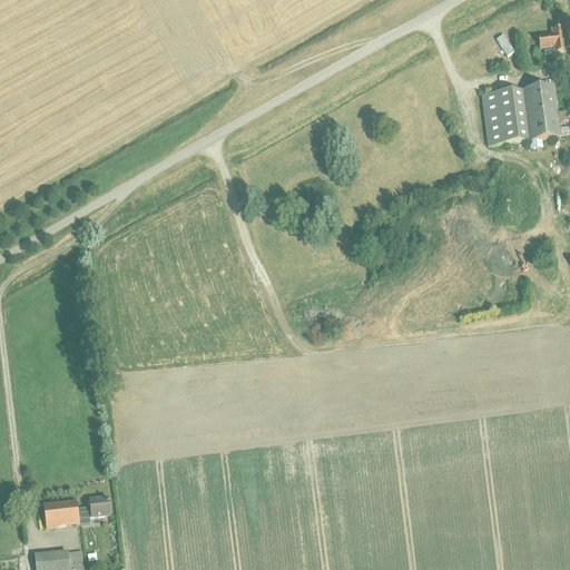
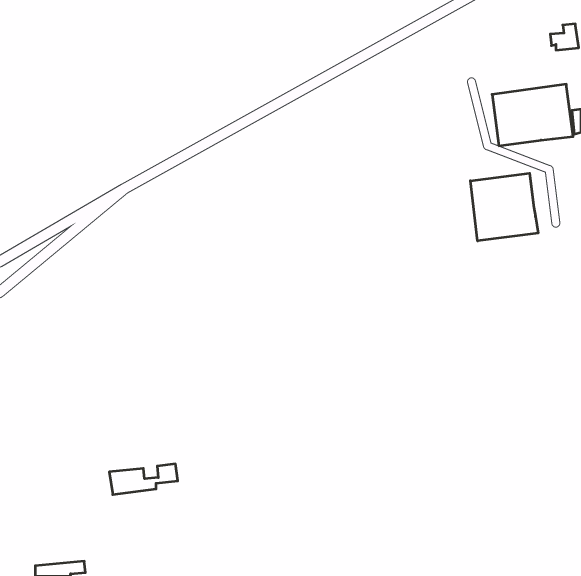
building: none -> [470,173,538,241]
building: [42,495,109,525] -> [109,464,178,495]

